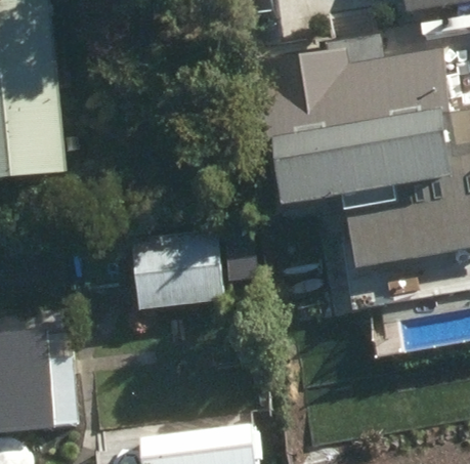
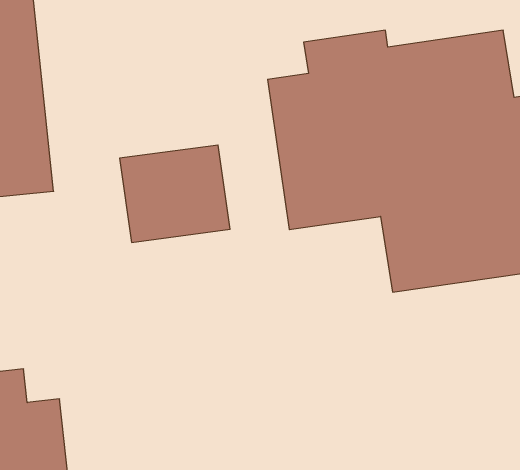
building: [128,225,222,308] -> [120,145,230,242]

